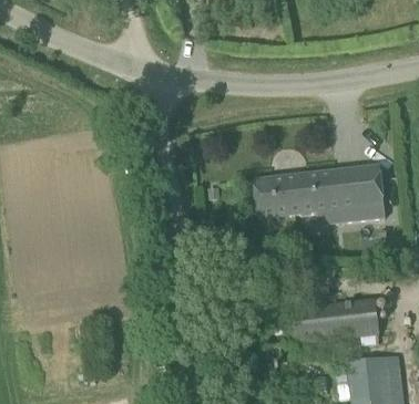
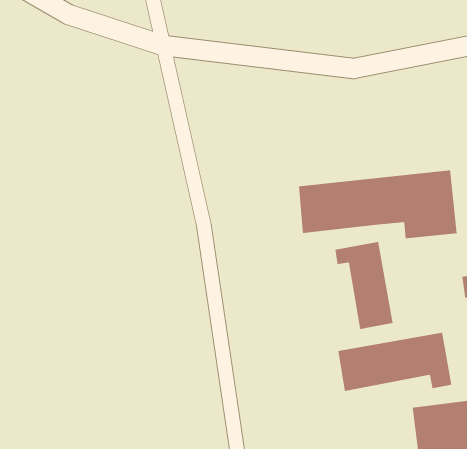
building: none -> [335,241,393,330]

